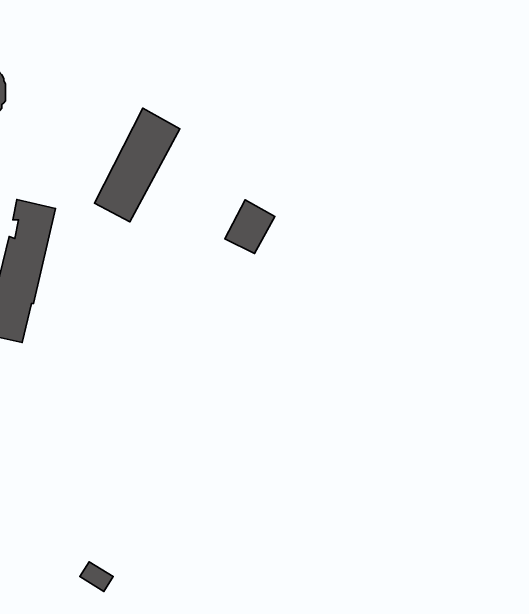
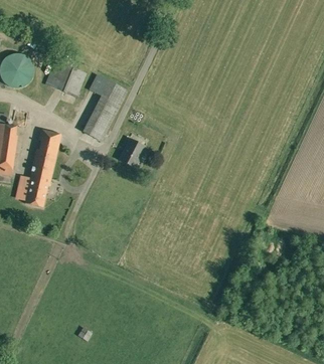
building: none -> [49,61,86,97]
building: [225,200,275,254] -> [118,138,145,167]

